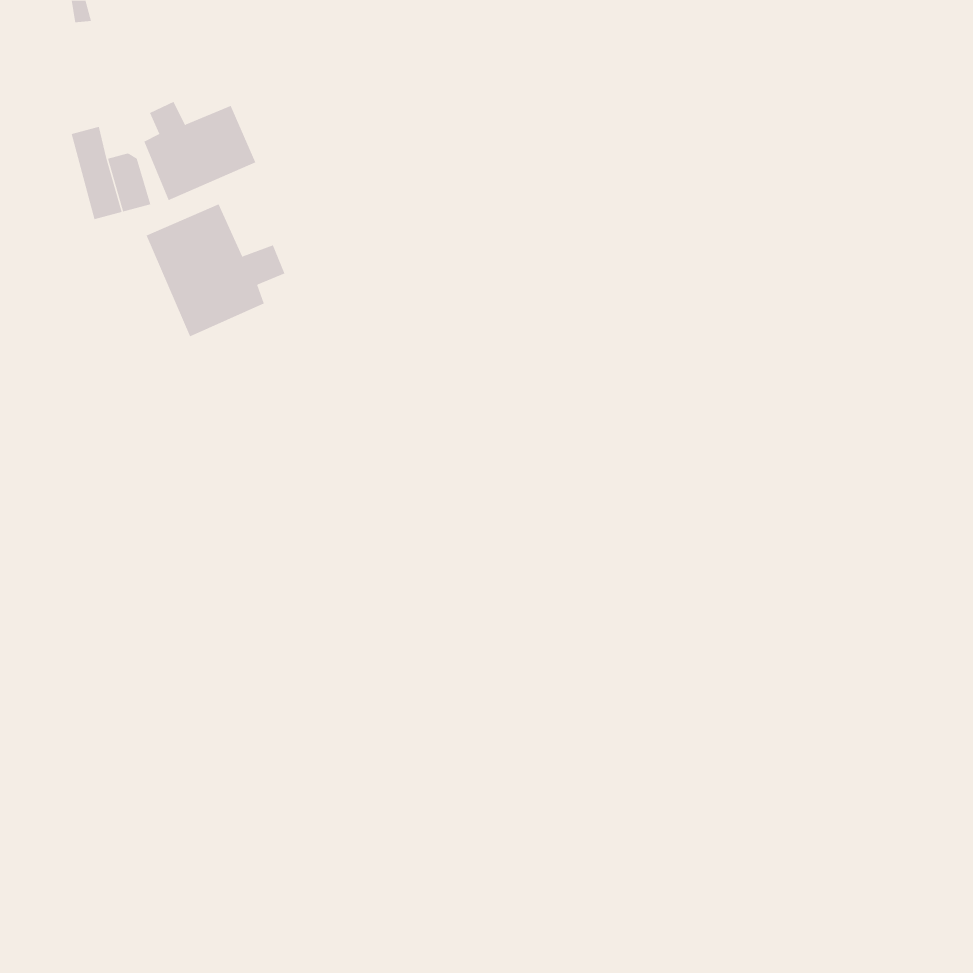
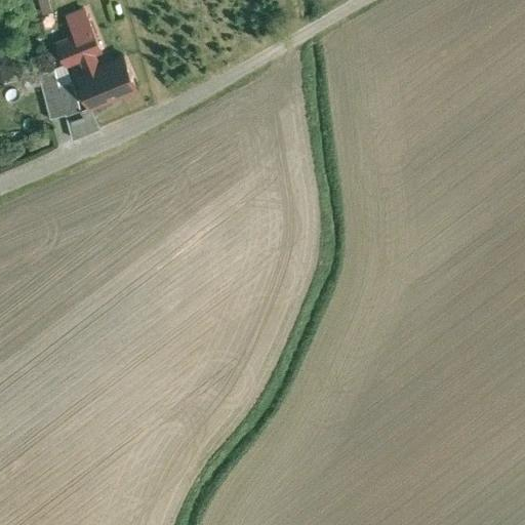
building: none -> [56,10,102,68]
building: [146,204,285,337] -> none

